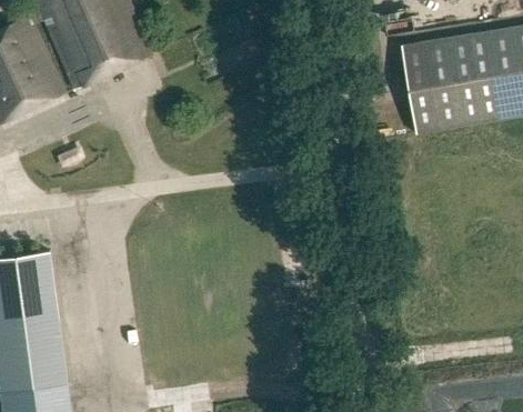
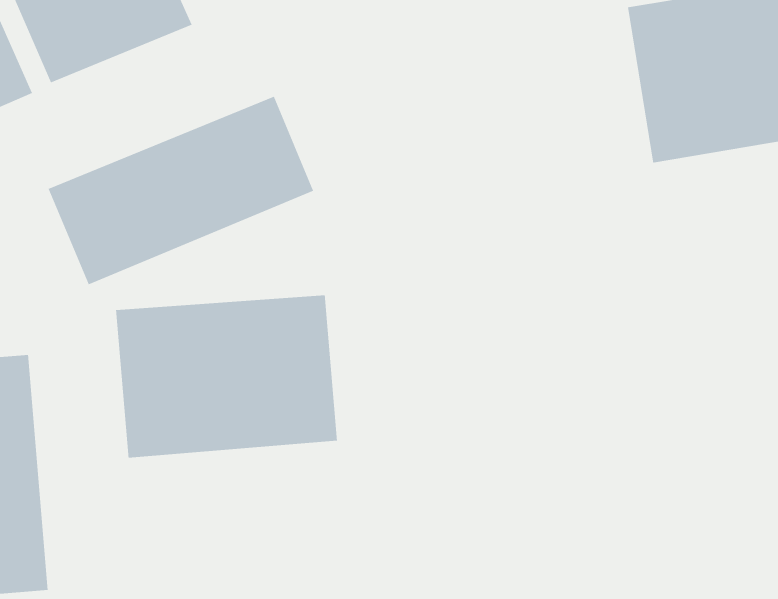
building: none -> [48,96,314,285]
building: none -> [115,294,337,458]

